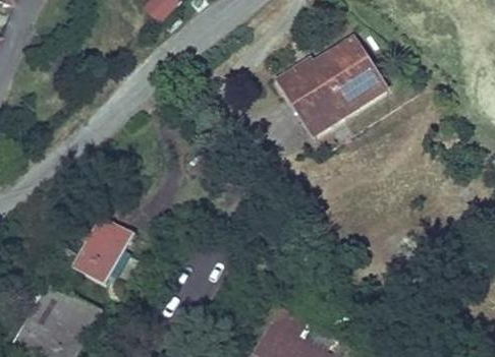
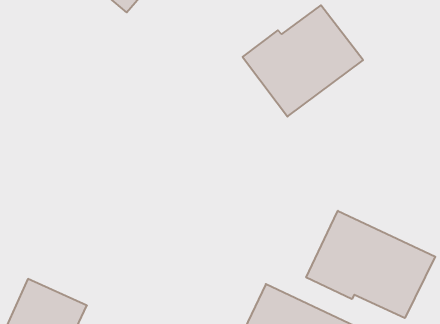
building: [68,213,134,285] -> none
building: none -> [306,211,435,318]

